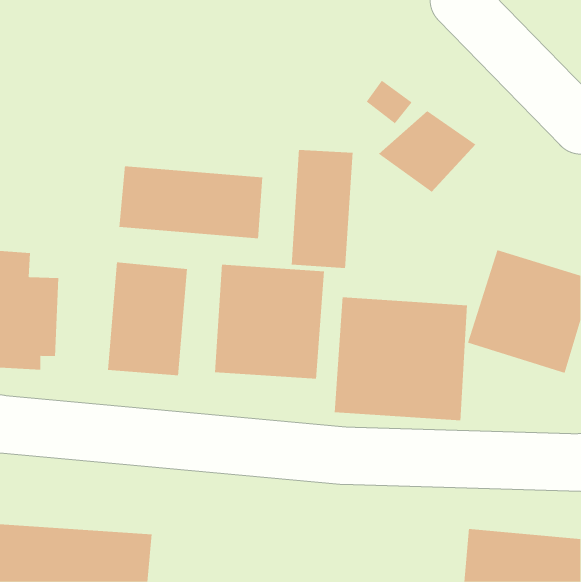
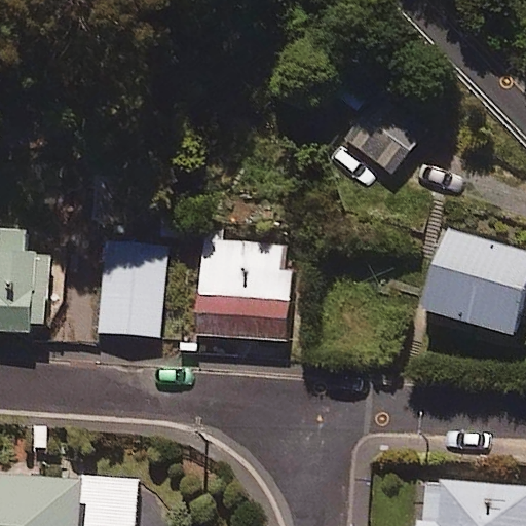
building: [291,149,353,269] -> none
building: [119,165,263,239] -> none
building: [334,297,468,421] -> none

